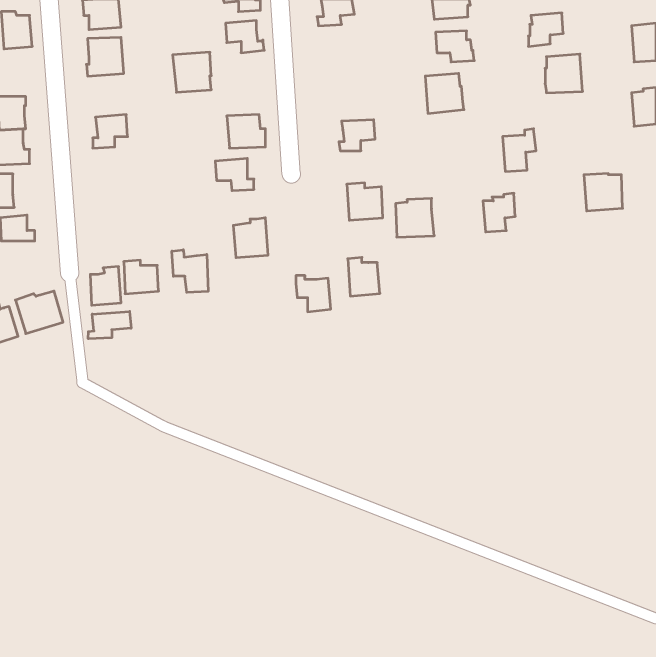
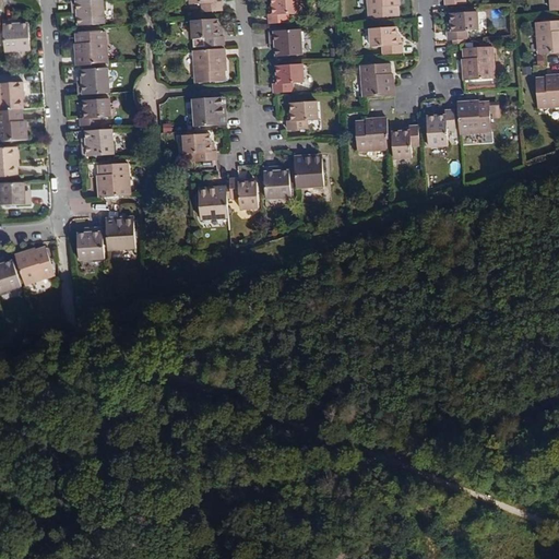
building: none -> [270,28,302,55]
building: [173,52,211,92] -> [192,47,225,81]
building: none -> [274,62,305,91]
building: none -> [75,67,107,94]
building: none -> [81,128,111,155]
building: [584,174,623,211] -> [456,100,489,132]
building: none -> [96,163,128,195]
building: [483,193,515,232] -> [391,124,418,157]
building: [396,198,434,237] -> [355,117,388,150]
building: [172,250,208,292] -> none
building: [348,257,380,296] -> [264,166,292,199]
building: [296,276,331,312] -> [229,178,259,209]
building: [88,311,131,339] -> none

